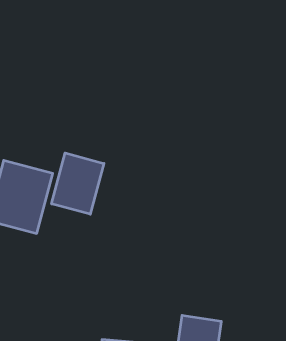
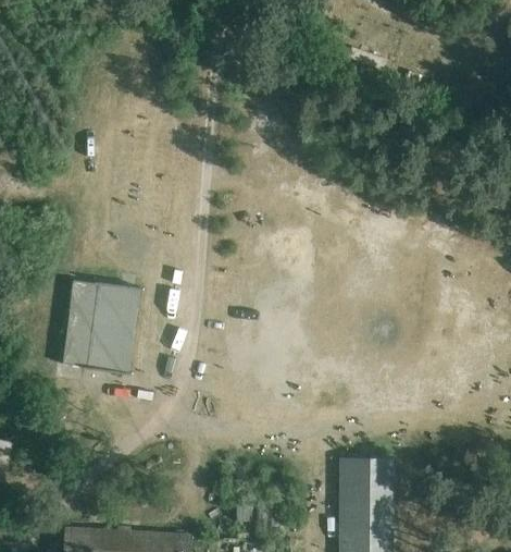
building: [52,153,104,214] -> none

